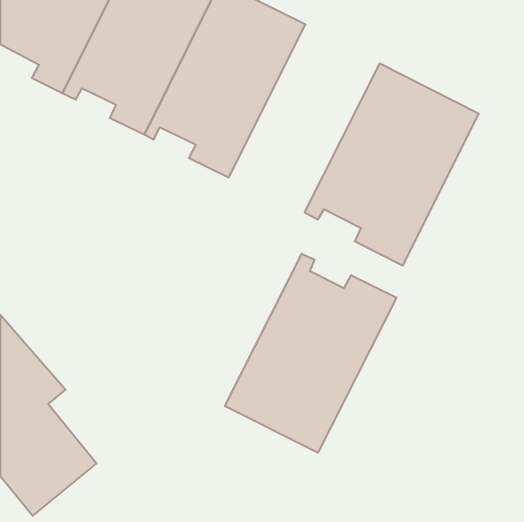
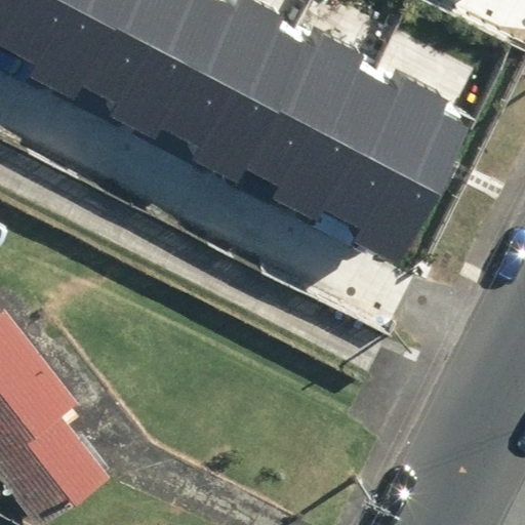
building: none -> [229,25,379,212]
building: [225,254,396,453] -> none

